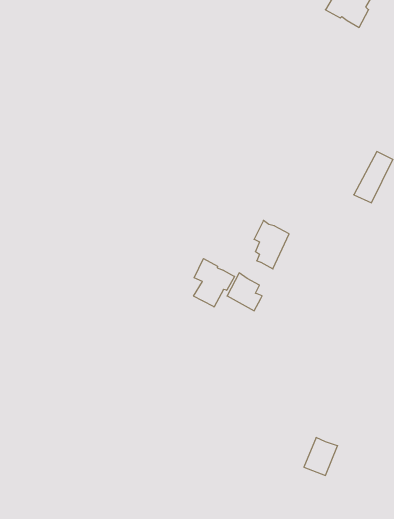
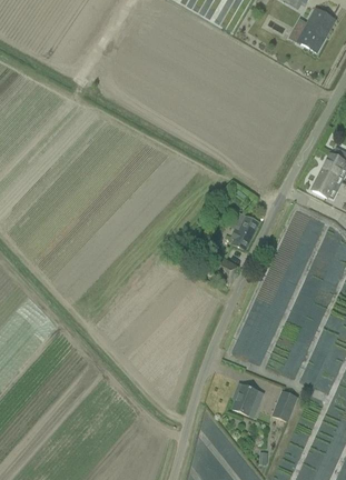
building: [194,259,235,307] -> none
building: none -> [233,382,258,413]

